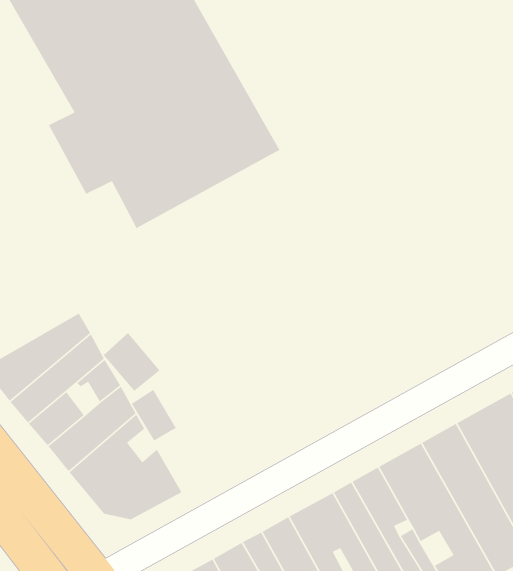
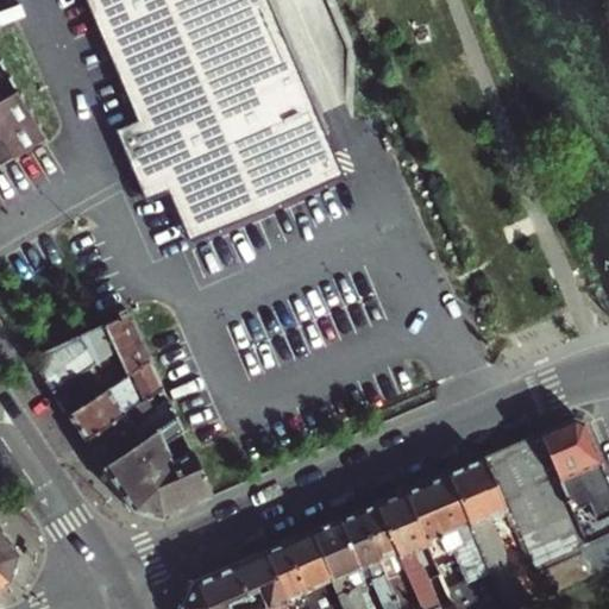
building: [103,332,160,392] -> none
building: [131,389,177,441] -> none

